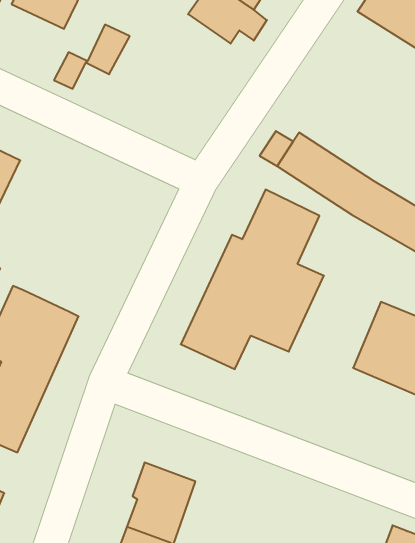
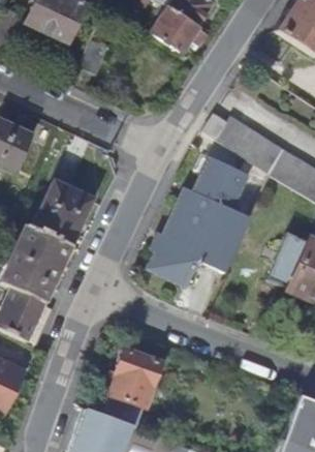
building: none -> [36,180,96,245]

